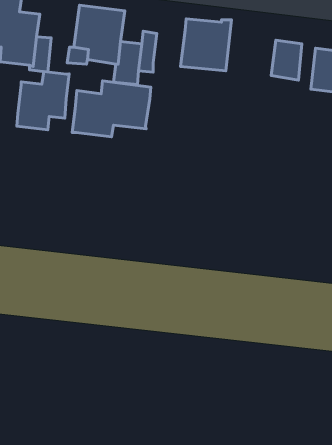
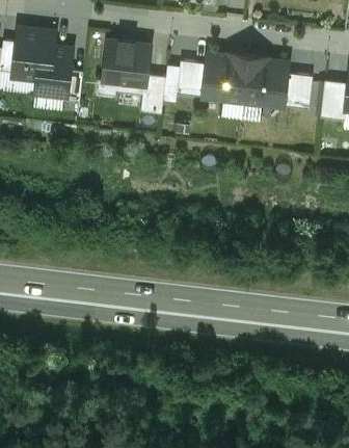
building: none -> [243,54,290,106]
building: none -> [177,60,206,97]
building: [17,72,69,130] -> none
building: [72,81,151,137] -> none

